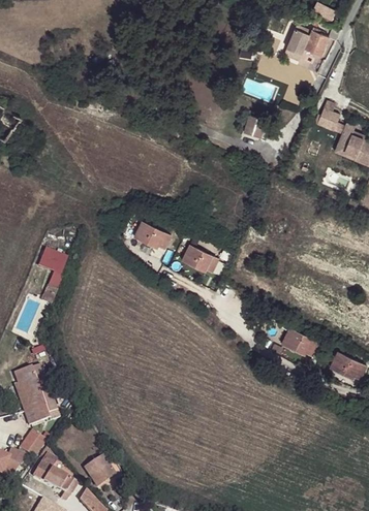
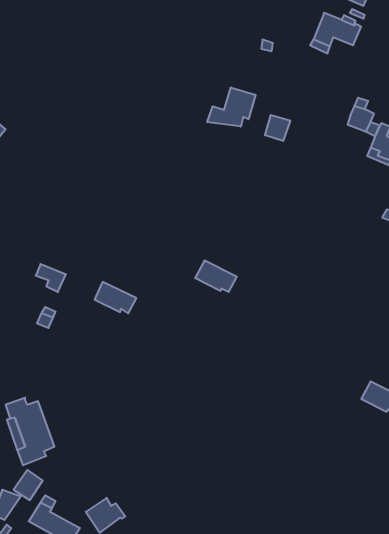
building: none -> [207,87,256,127]
building: [134,221,172,249] -> [95,282,136,313]
building: [282,327,318,355] -> none

